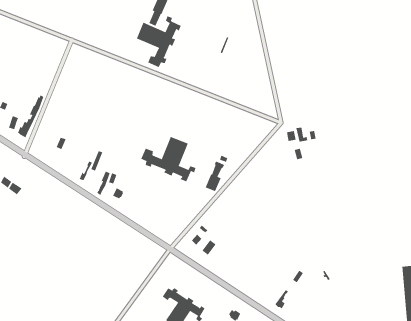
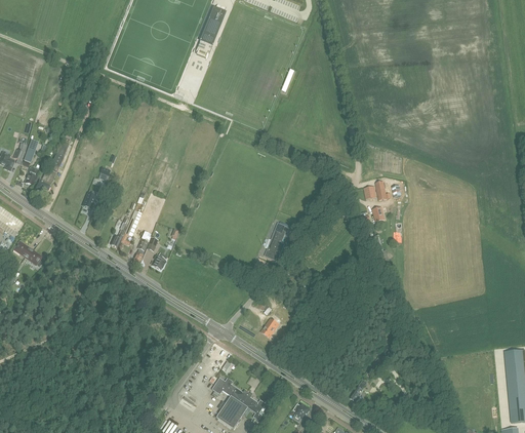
building: [136,16,182,68] -> none
building: [141,136,196,182] -> none

